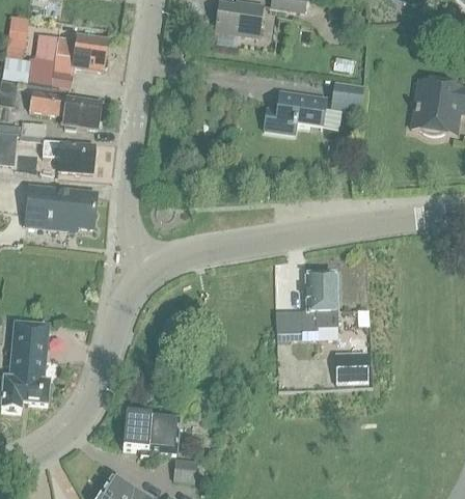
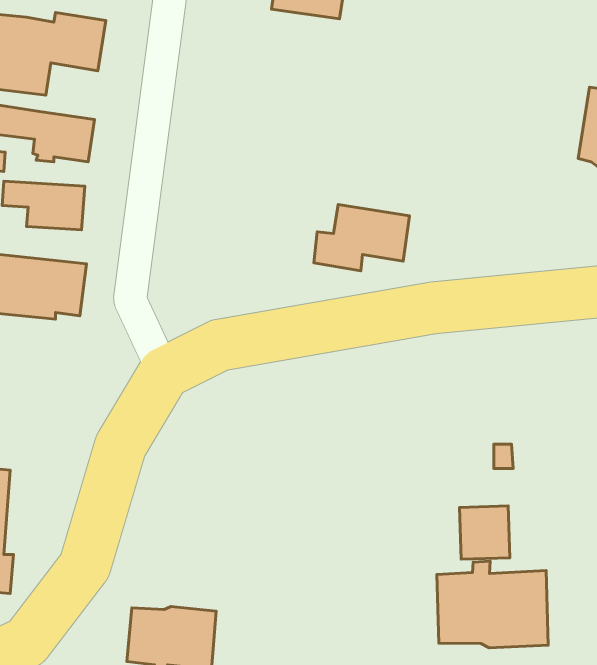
building: [330,81,363,113] -> none
building: [265,91,326,134] -> [314,204,410,271]
building: [290,274,337,332] -> none
building: none -> [437,561,548,648]

